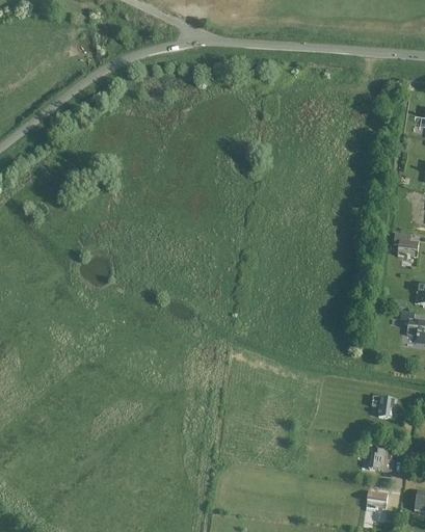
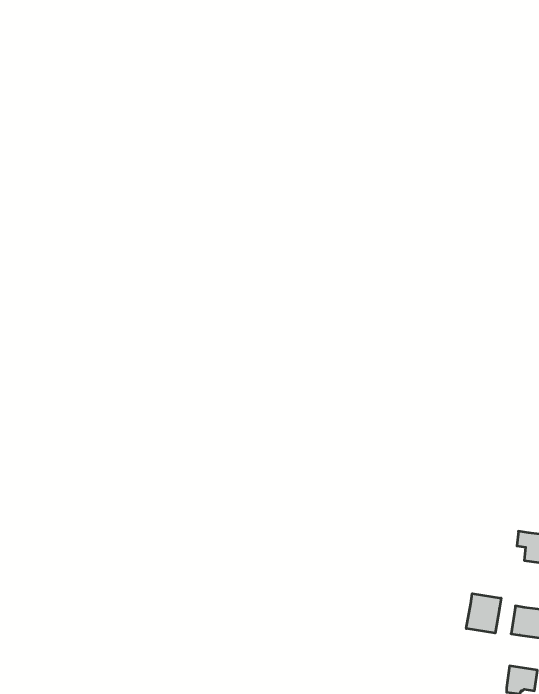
building: none -> [466,594,501,633]

